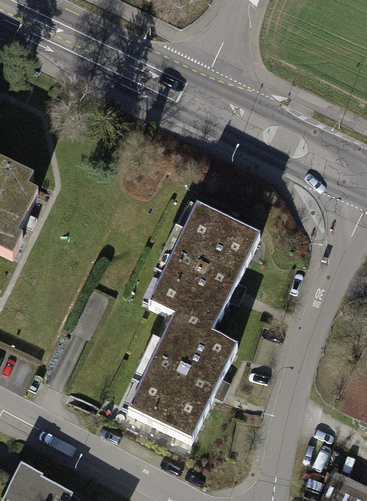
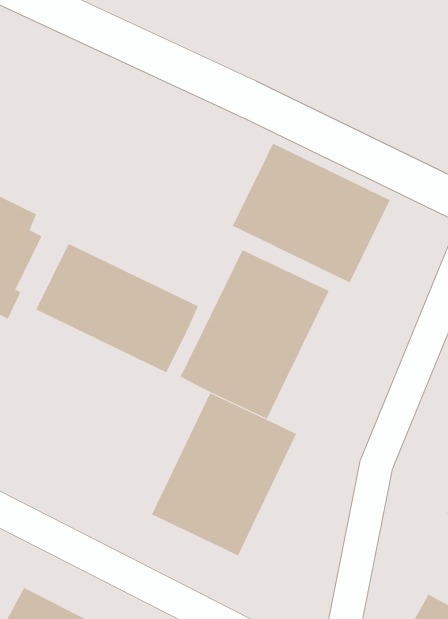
building: none -> [232,143,391,283]
building: none -> [35,243,199,373]

